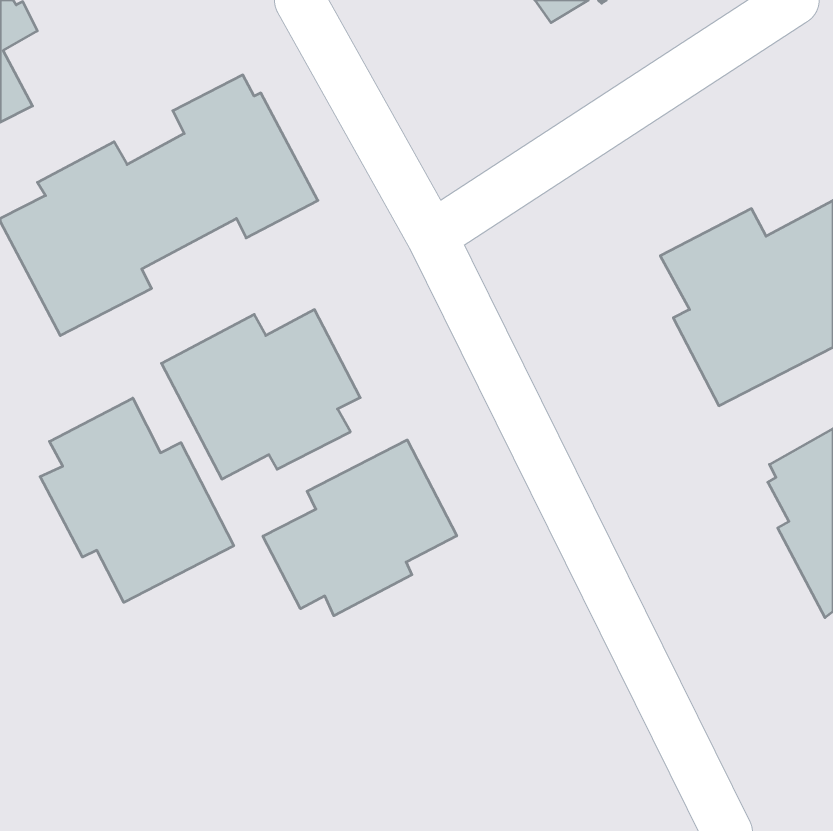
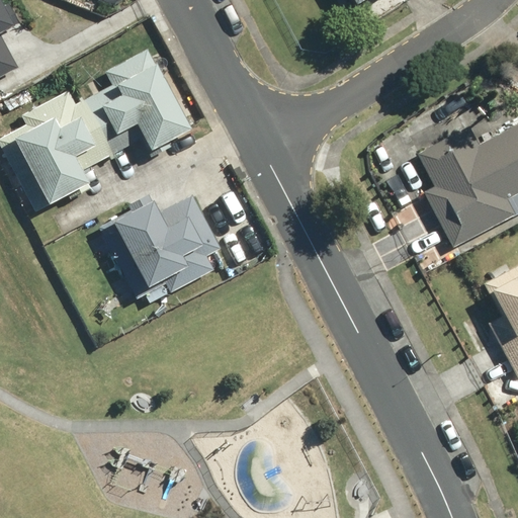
building: [40,398,234,602] -> none
building: [263,440,457,616] -> none

